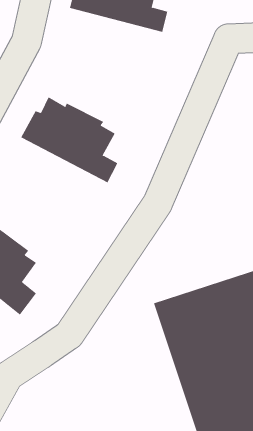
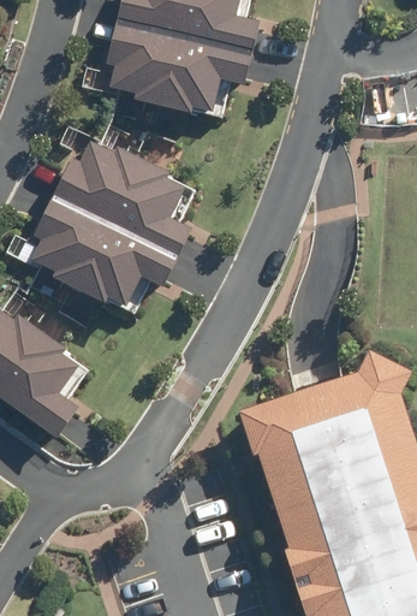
building: none -> [111,16,251,111]
building: none -> [35,194,175,304]

